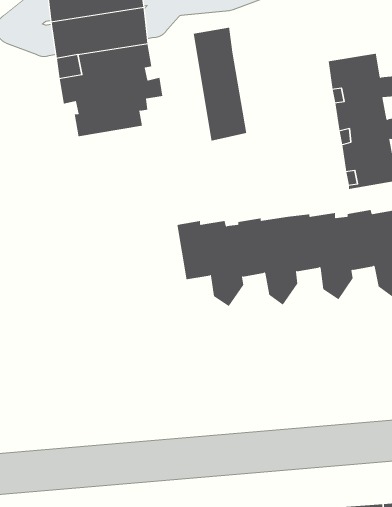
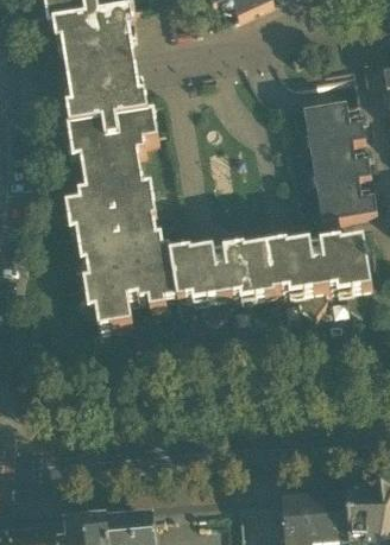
building: [193,27,247,141] -> none
building: none -> [63,164,177,327]

